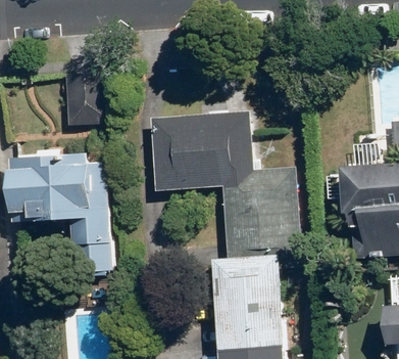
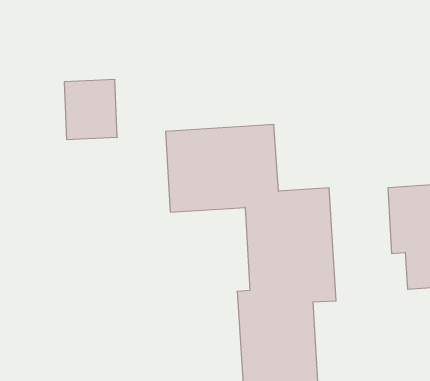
building: [6,153,106,272] -> none

